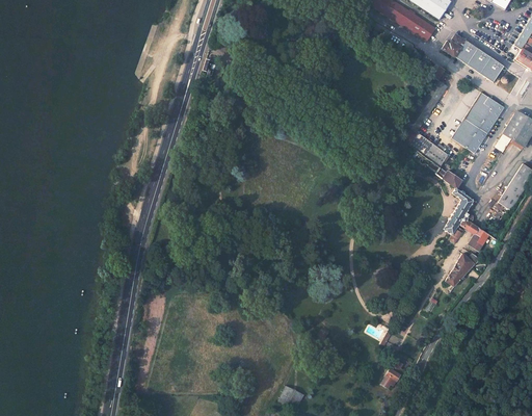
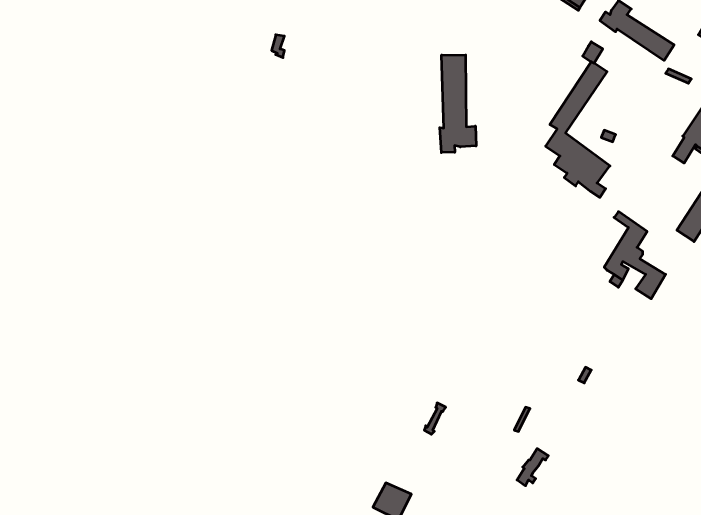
building: none -> [440,55,476,153]
building: [453,92,505,153] -> none
building: [446,254,480,286] -> none

